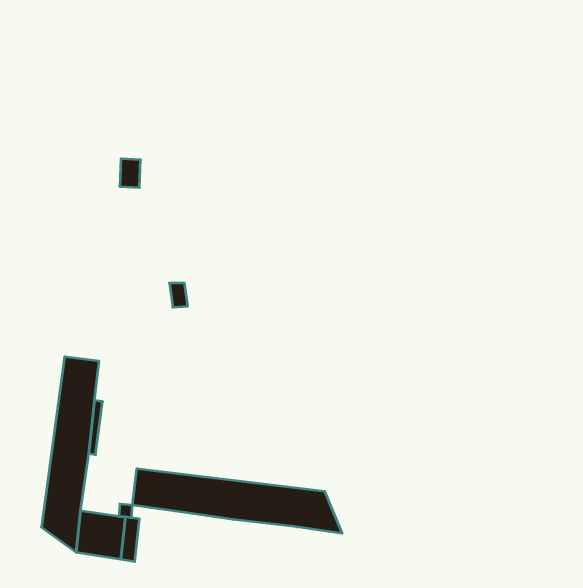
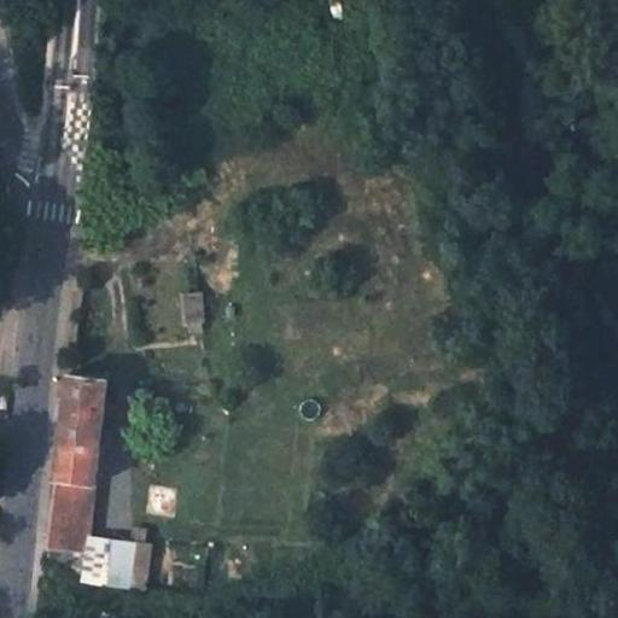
building: [132,469,342,533] -> none

